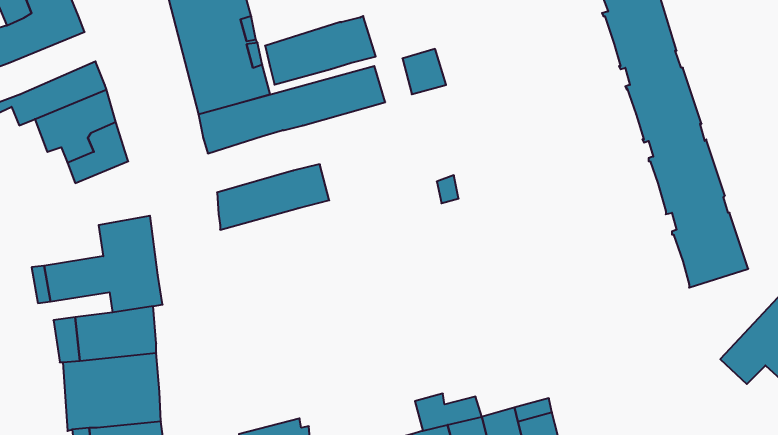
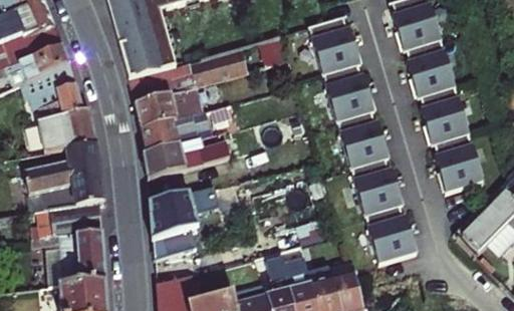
building: [265,16,376,85] -> [135,84,206,128]
building: none -> [310,15,420,266]
building: none -> [6,25,62,65]
building: none -> [41,108,97,152]
building: none -> [143,138,222,180]
building: none -> [150,186,224,260]

